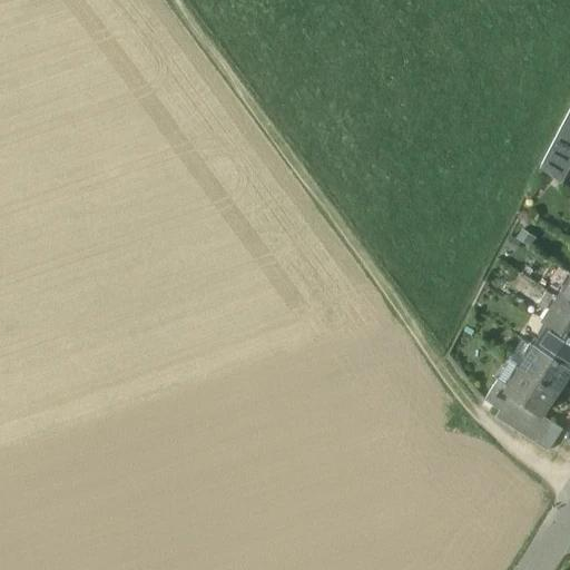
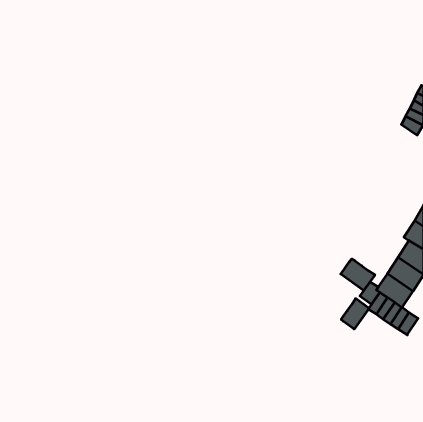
building: none -> [341,259,375,290]
building: none -> [341,299,369,329]

